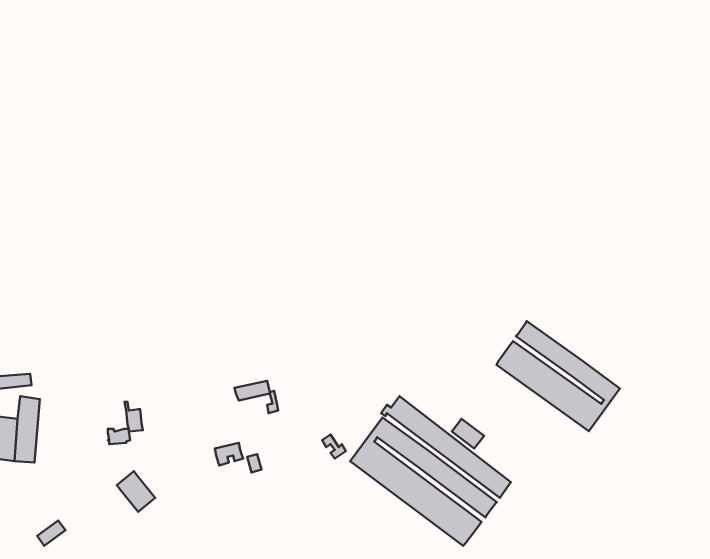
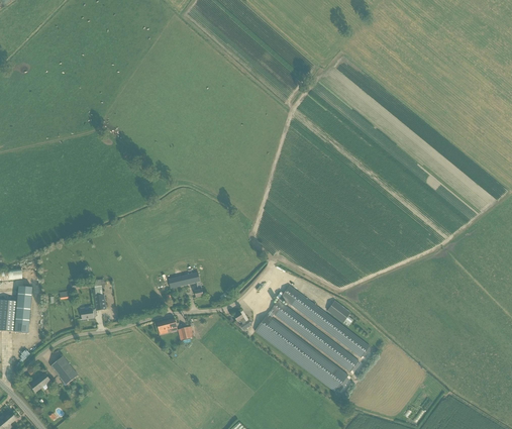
building: [496,321,620,431] -> none
building: [117,471,155,512] -> [49,355,77,385]

